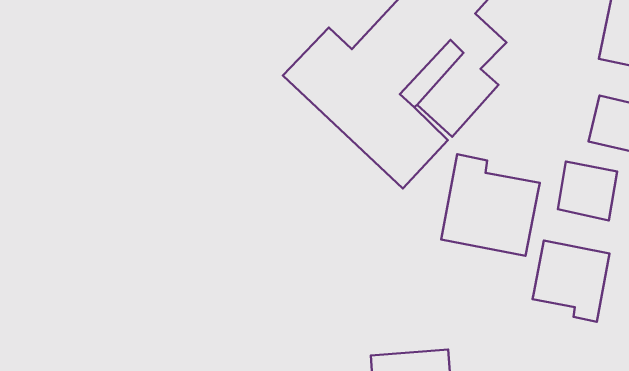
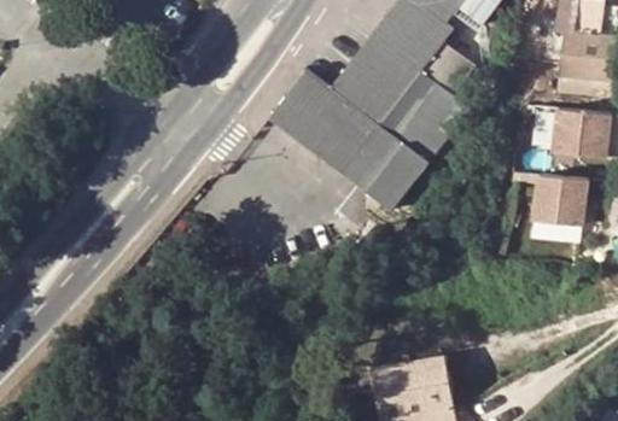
building: [441,154,540,256] -> none
building: [533,241,609,322] -> none

